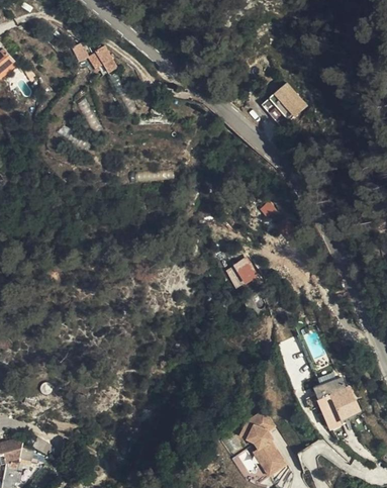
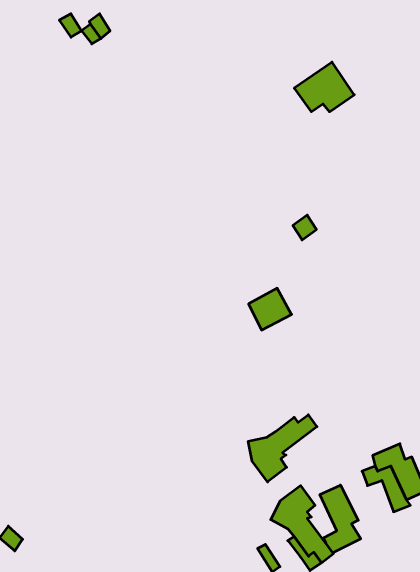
building: none -> [248,415,317,482]
building: none -> [320,485,361,553]

